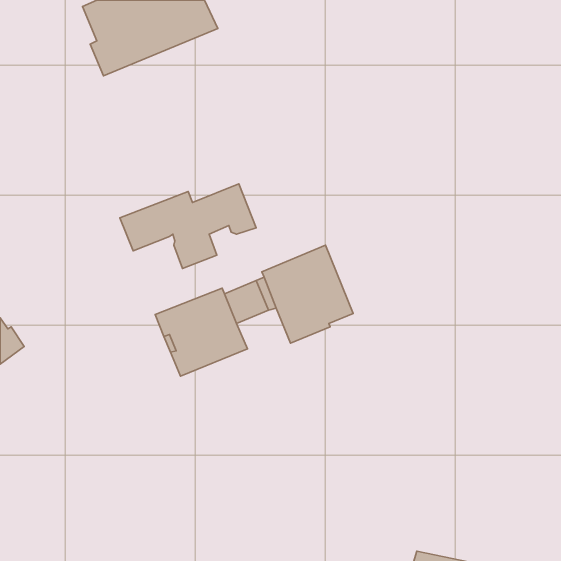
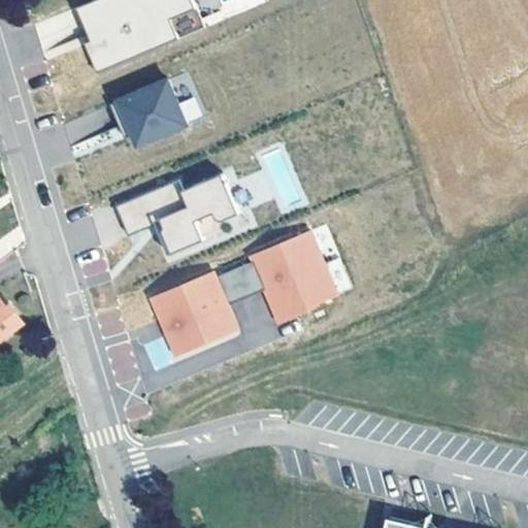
building: none -> [111,72,207,144]

